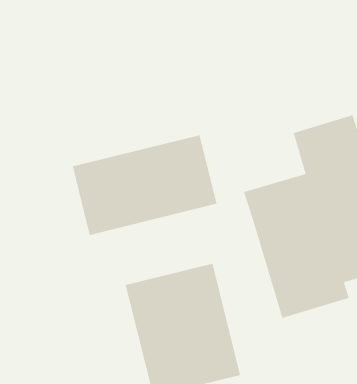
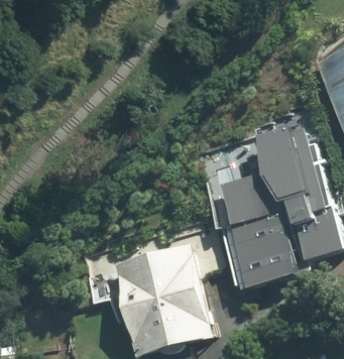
building: [72,134,217,236] -> none

